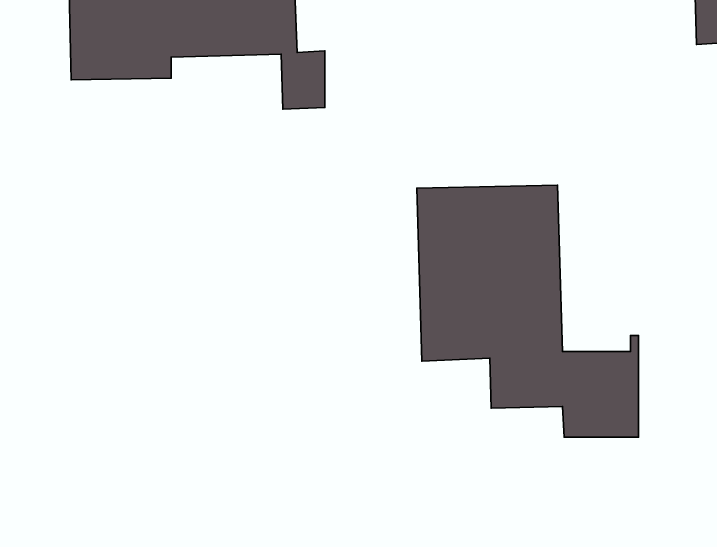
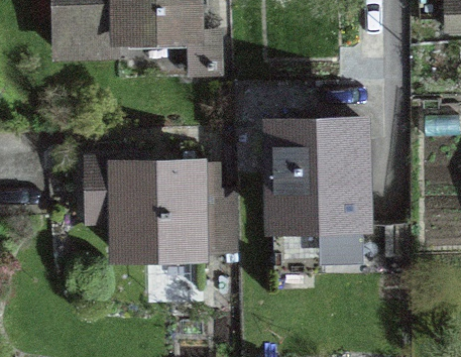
building: none -> [89,166,201,255]

